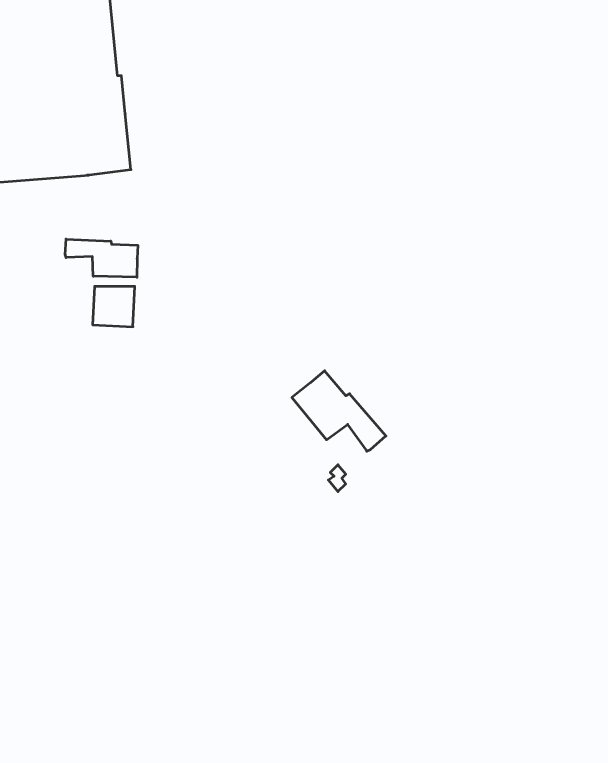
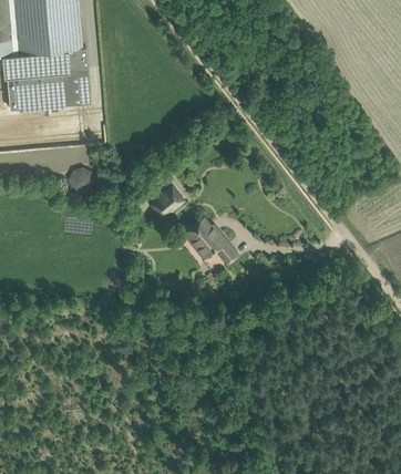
building: [65,239,138,277] -> none
building: none -> [150,184,183,215]

